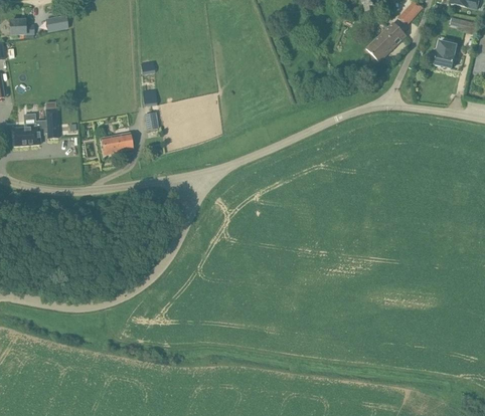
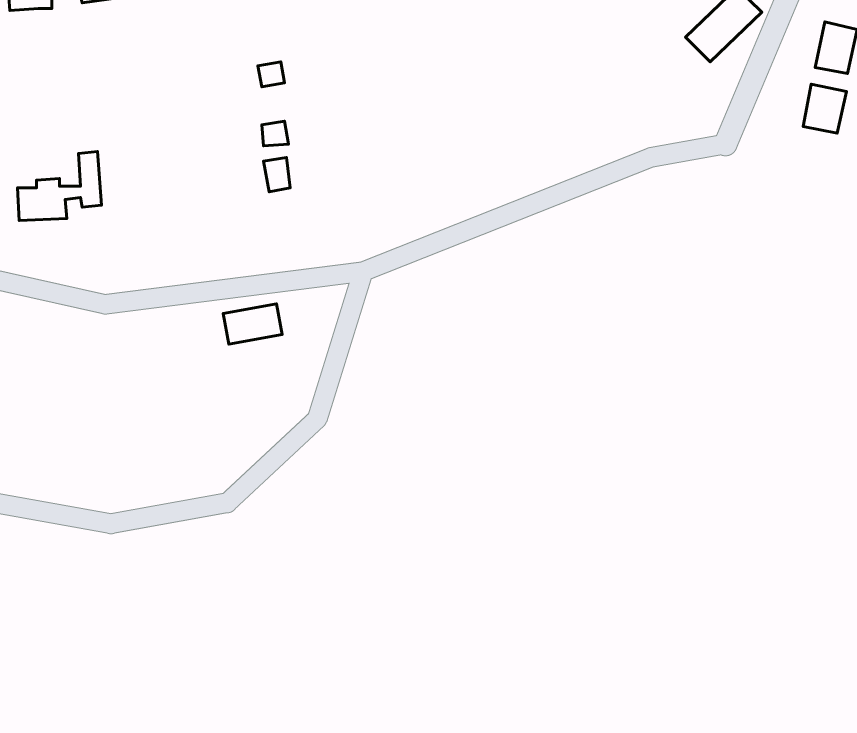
building: none -> [803,84,847,133]
building: [102,133,133,154] -> [223,304,282,344]

